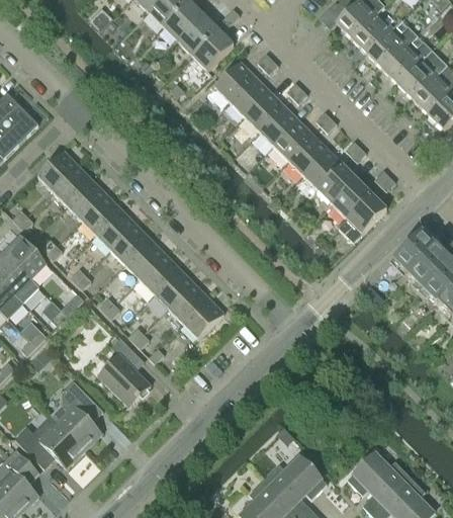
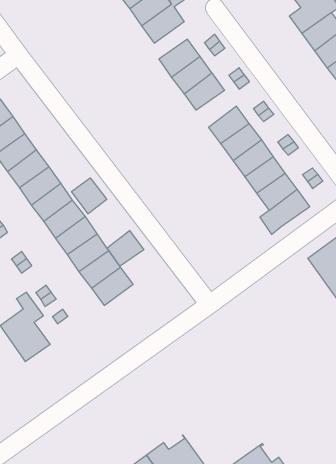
building: [259,106,298,146] -> none
building: none -> [72,178,107,214]
building: none -> [107,230,144,266]

